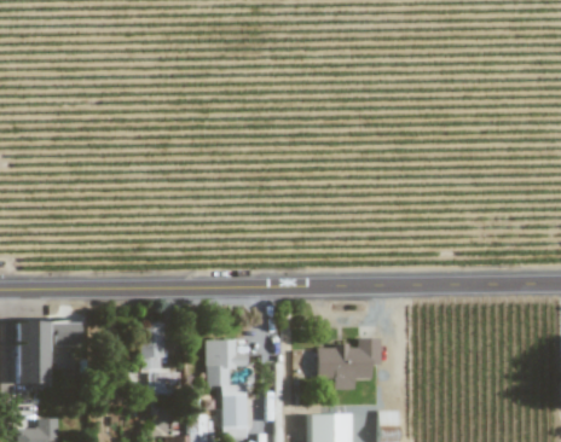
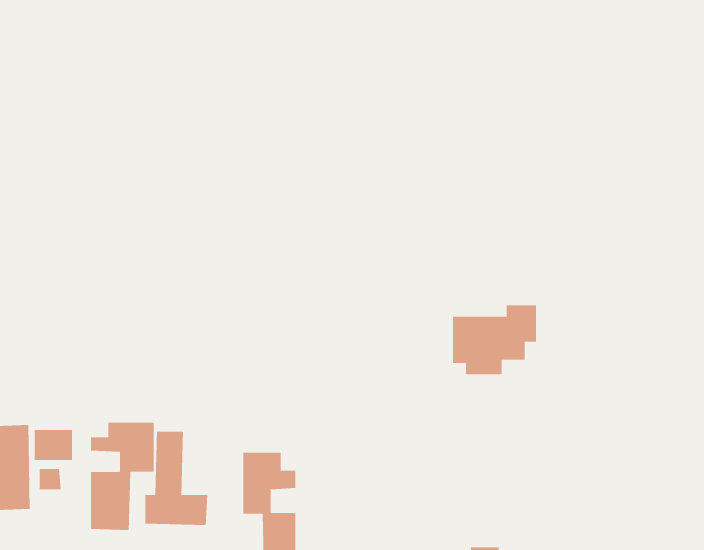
building: none -> [90,422,154,531]
building: [318,337,381,389] -> [452,305,537,375]

